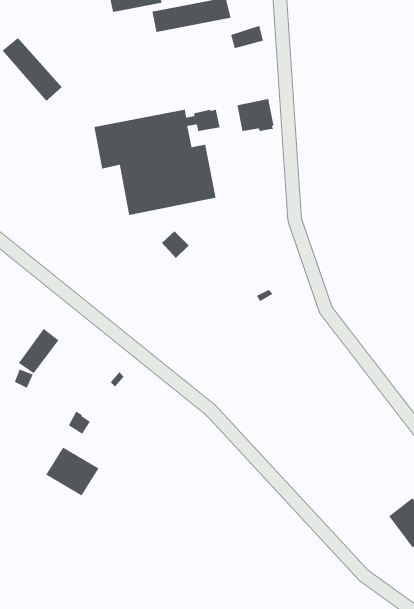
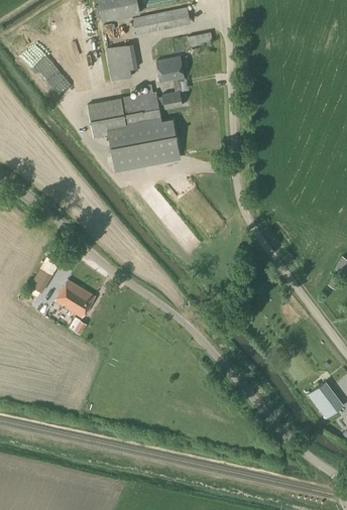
building: none -> [105,43,137,81]
building: [236,98,274,132] -> [156,56,185,82]
building: [45,446,99,496] -> [54,280,95,317]

